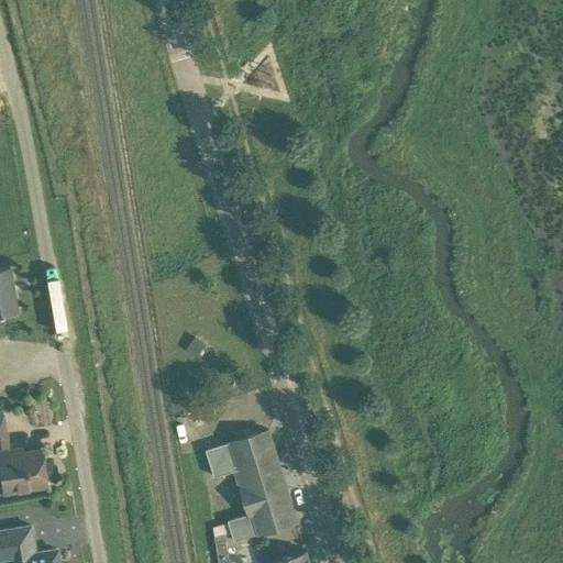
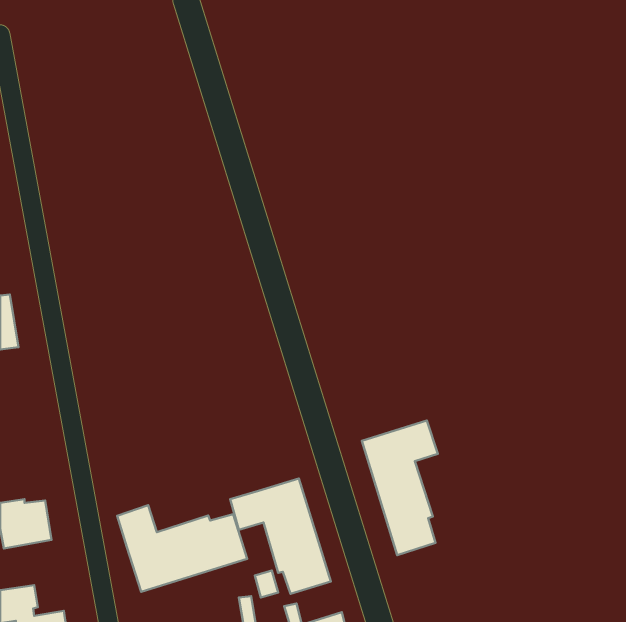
building: none -> [362,420,438,555]
building: none -> [117,505,247,592]

